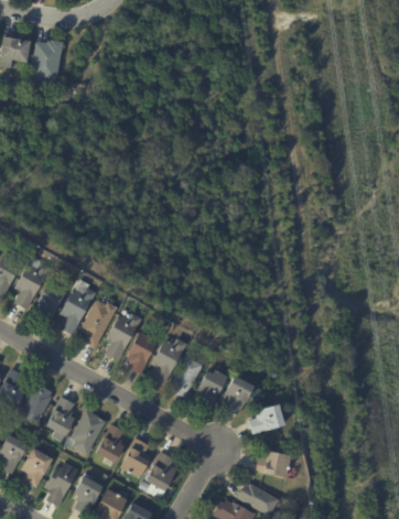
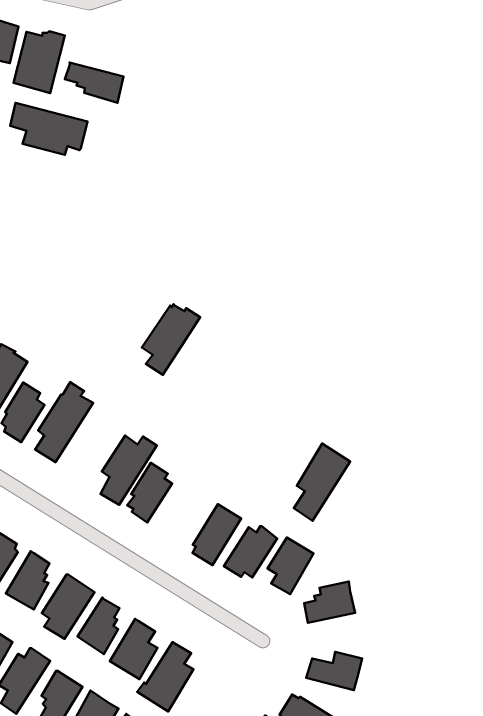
building: none -> [65,63,123,103]
building: none -> [10,103,87,155]
building: [79,299,118,347] -> [142,304,200,375]
building: [151,333,187,386] -> [294,444,350,521]

